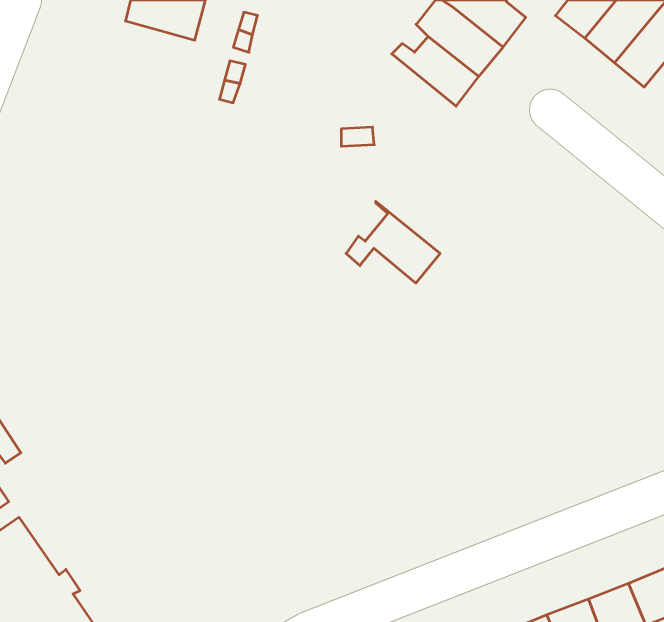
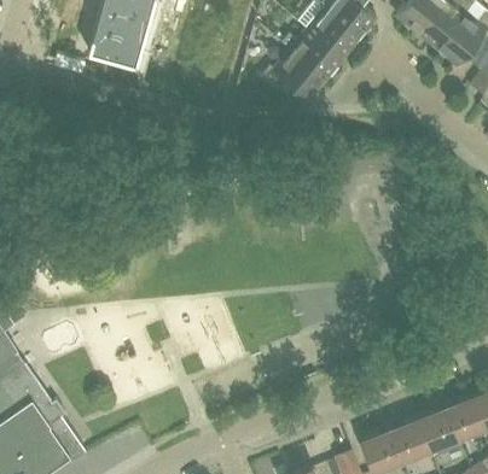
building: none -> [87,19,145,65]
building: [346,201,440,283] -> [261,42,326,99]

